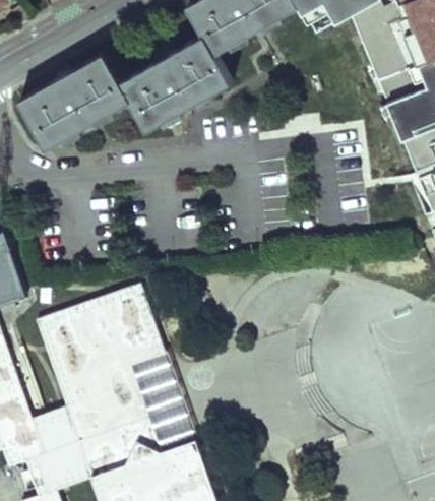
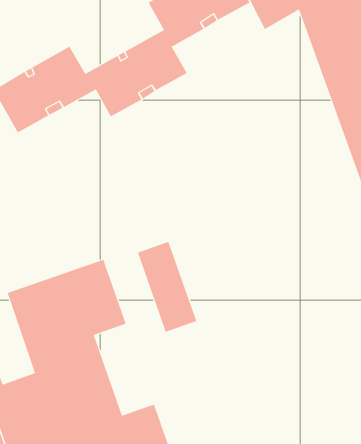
building: [132,353,197,451] -> [137,241,197,332]

